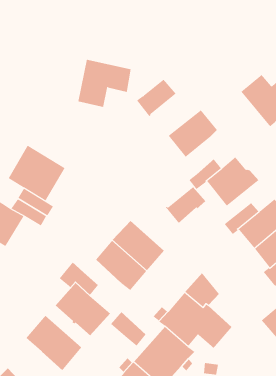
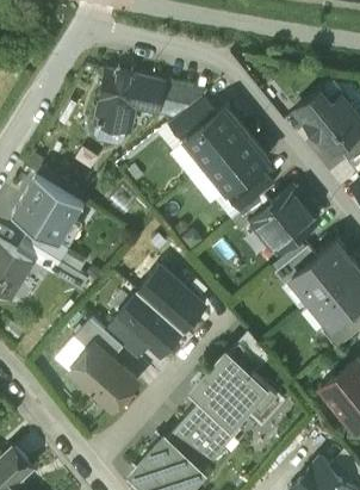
building: none -> [157,86,205,118]
building: none -> [186,108,247,167]
building: [165,186,206,224] -> [224,168,274,213]
building: [110,311,147,346] -> [105,317,149,360]
building: [25,315,82,371] -> none

